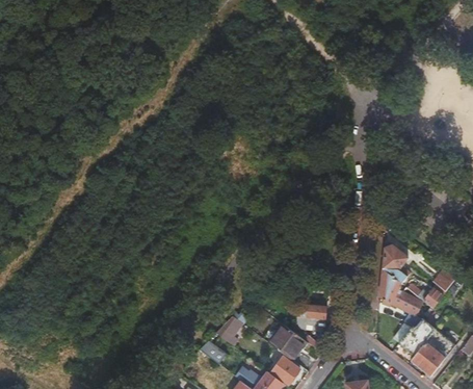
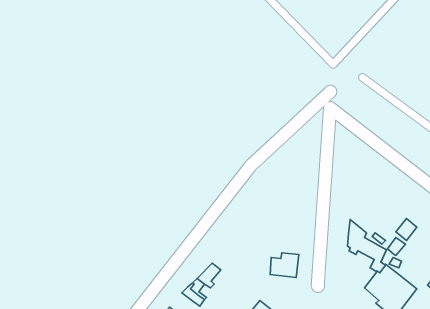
building: [384,244,410,283] -> none
building: [256,323,305,360] -> none

